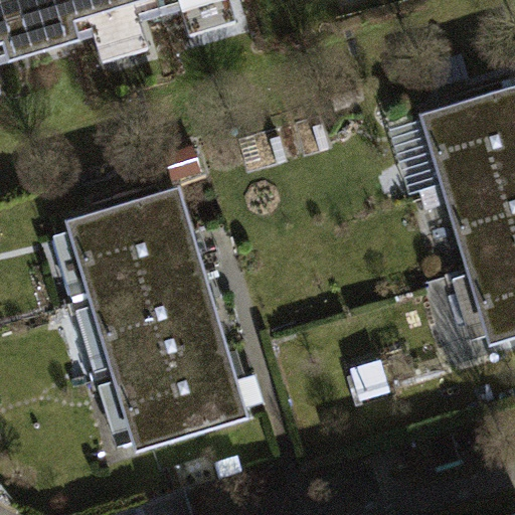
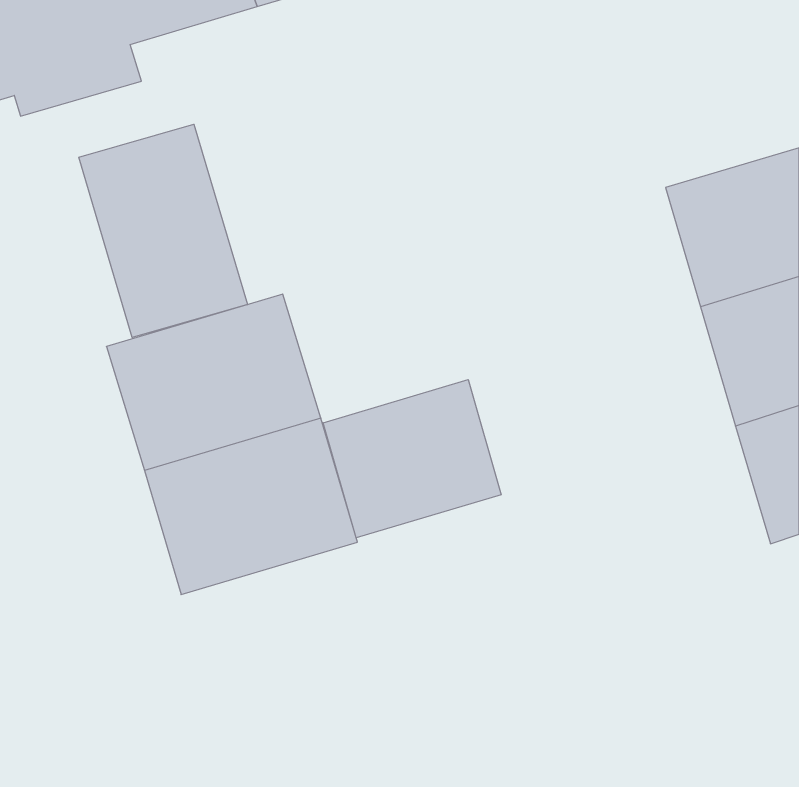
building: none -> [79,124,248,338]
building: none -> [323,380,501,538]
building: [115,343,249,455] -> none

